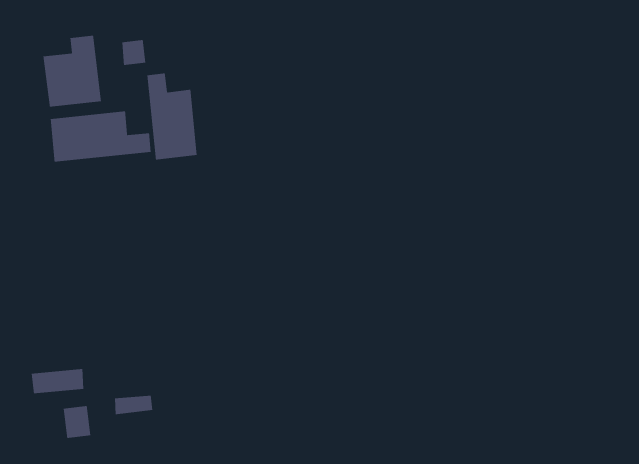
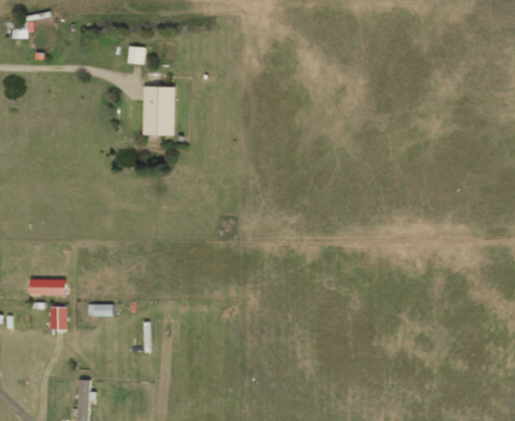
building: [43,35,102,108] -> none
building: [50,110,151,162] -> none

